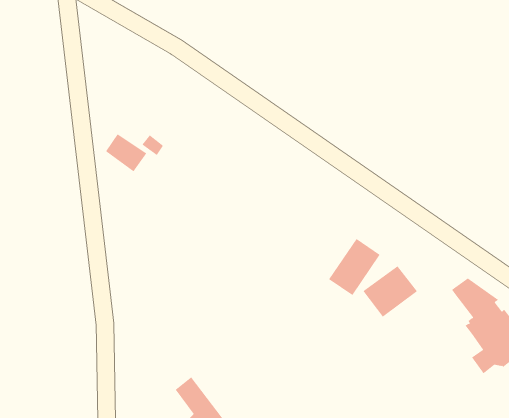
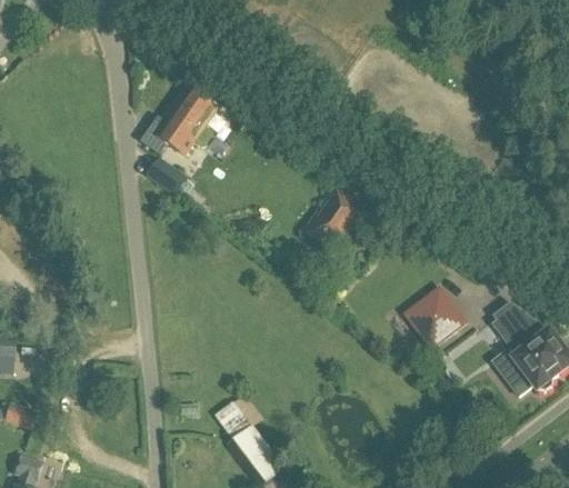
building: none -> [148,87,216,153]
building: [328,238,380,296] -> [308,191,360,249]

